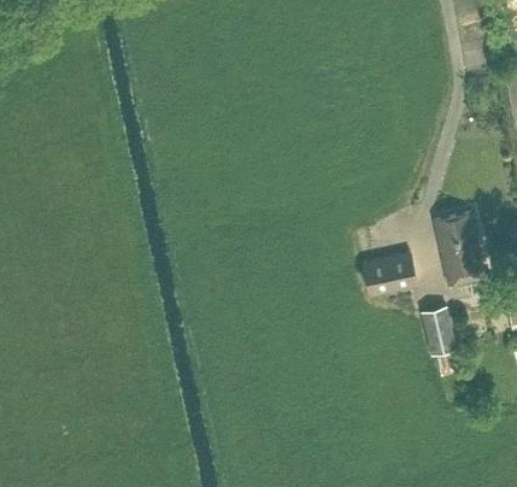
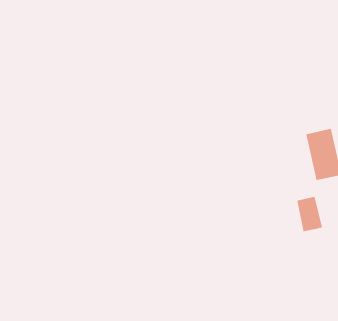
building: [362,252,417,297] -> none

